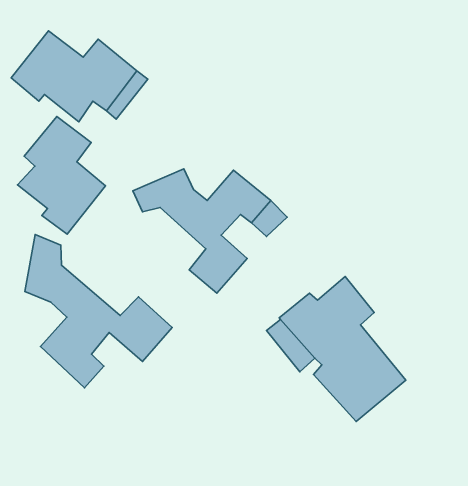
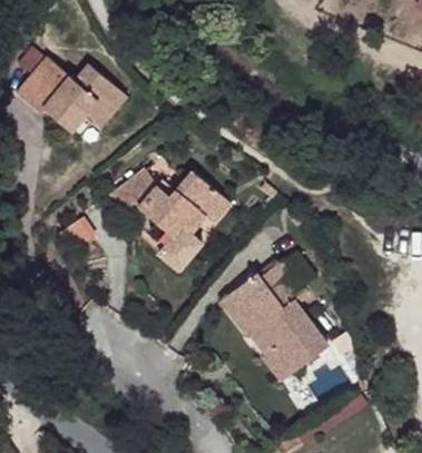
building: [18,116,105,234] -> none
building: [25,234,172,388] -> none

